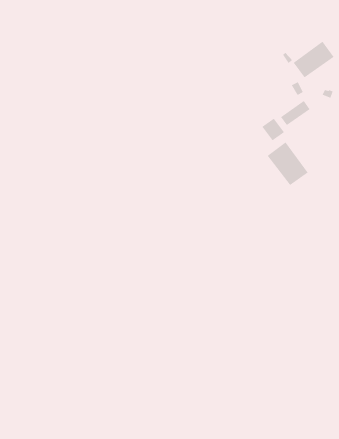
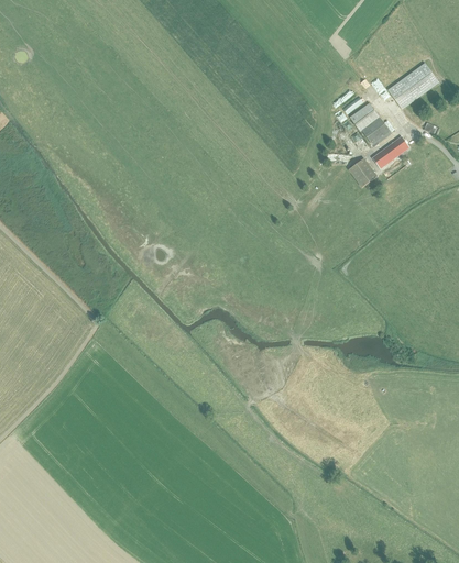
building: none -> [349,103,389,144]
building: [267,142,309,186] -> none

